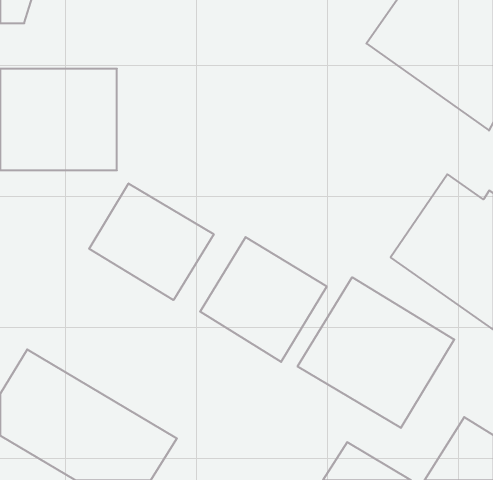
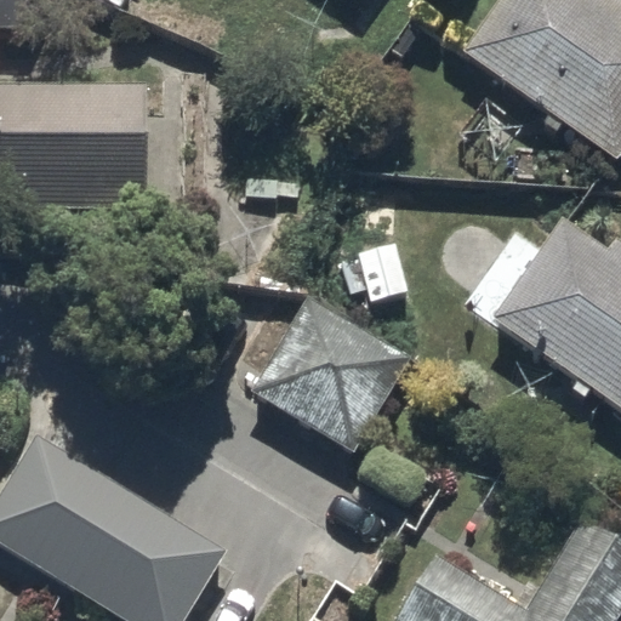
building: [89,183,214,300] -> none
building: [298,277,454,428] -> none

